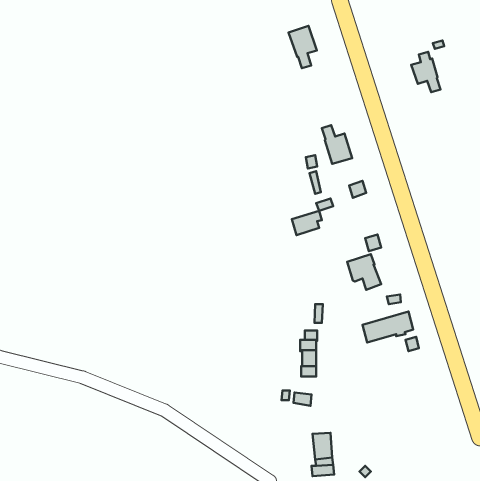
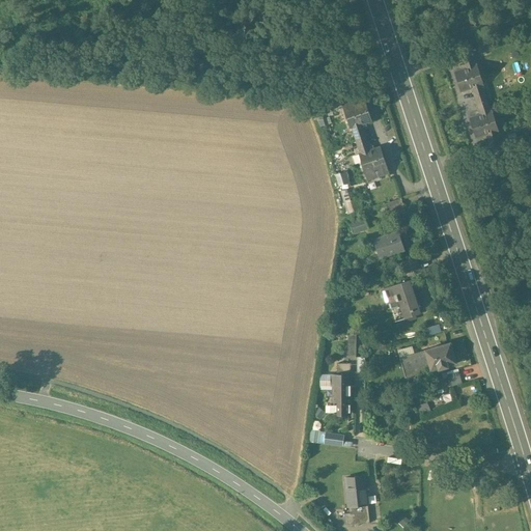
building: [289,26,317,68] -> [340,94,371,141]
building: none -> [469,99,499,143]
building: [292,211,322,235] -> [373,230,407,257]

